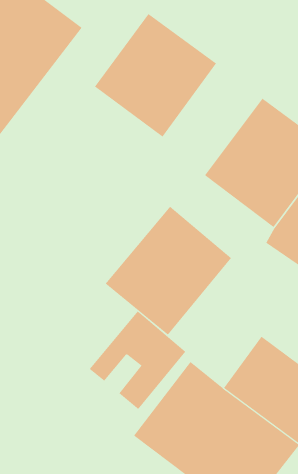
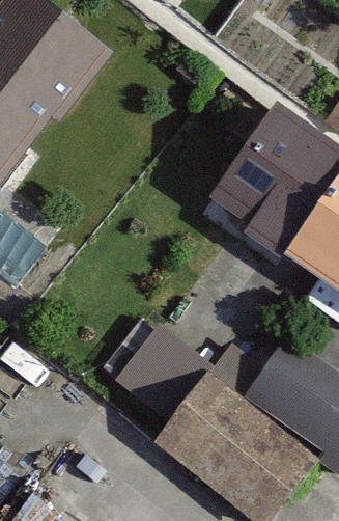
building: [94,13,217,138] -> none
building: [105,206,232,335] -> none

